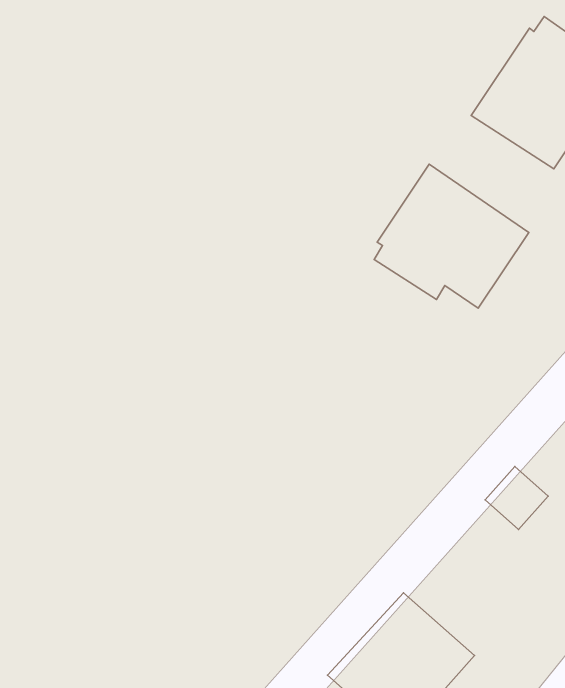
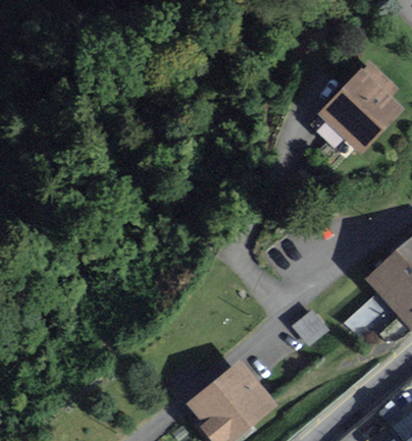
building: [374,164,529,308] -> none

